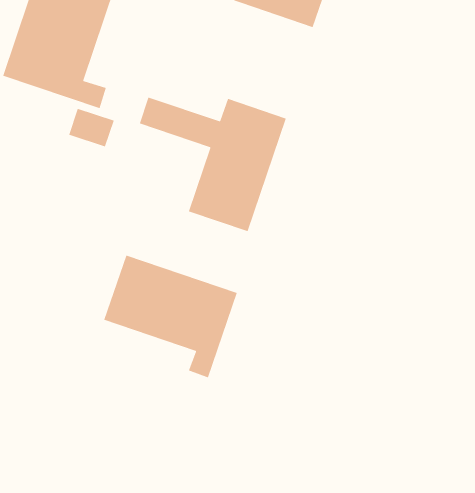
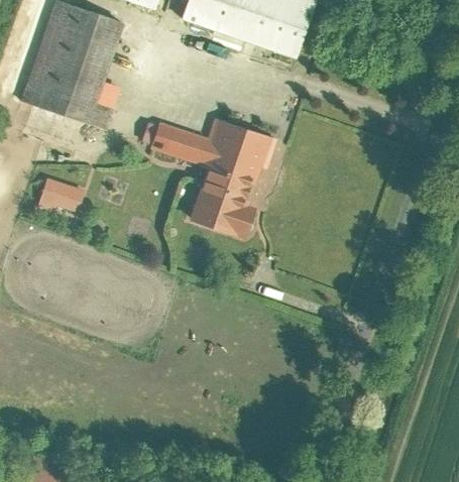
building: [68,108,115,148] -> [40,177,82,213]
building: [103,254,238,378] -> none

